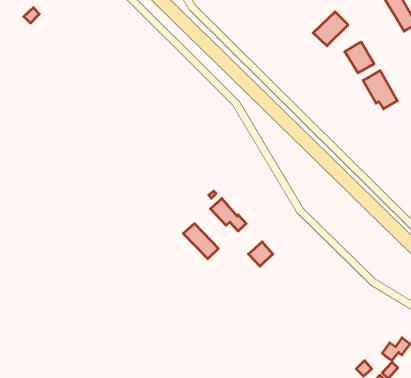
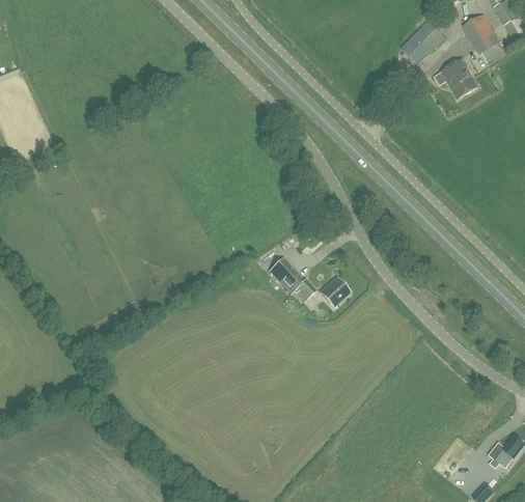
building: [363,71,397,109] -> [461,13,504,62]
building: [183,224,218,259] -> none
building: [248,242,273,266] -> [319,276,350,307]

